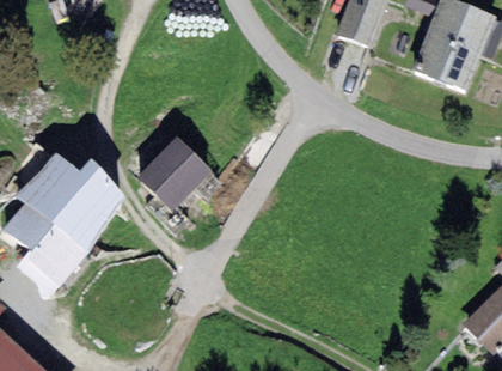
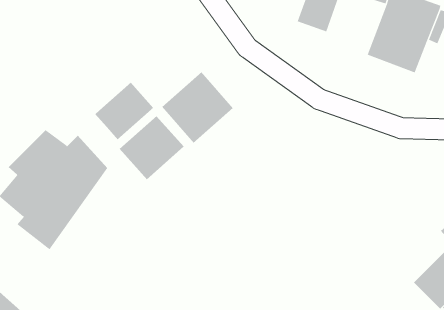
building: none -> [161,72,233,143]
building: none -> [94,82,154,140]

